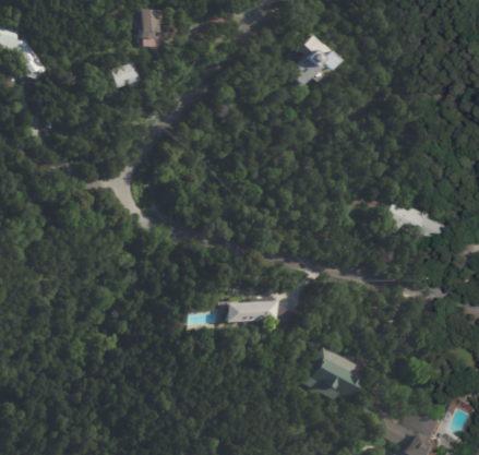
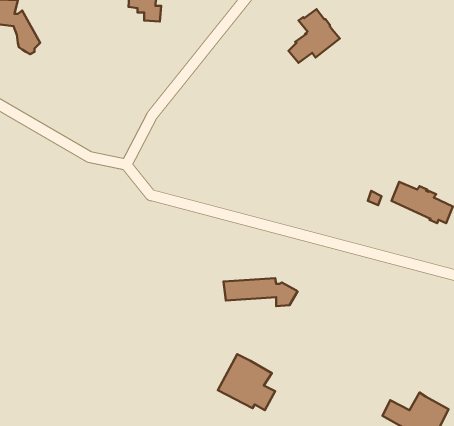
building: [107,64,141,88] -> none
building: [308,347,363,402] -> [218,354,275,410]

